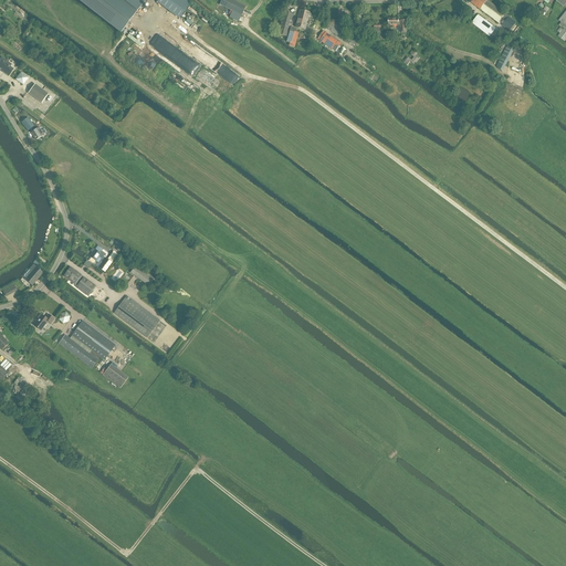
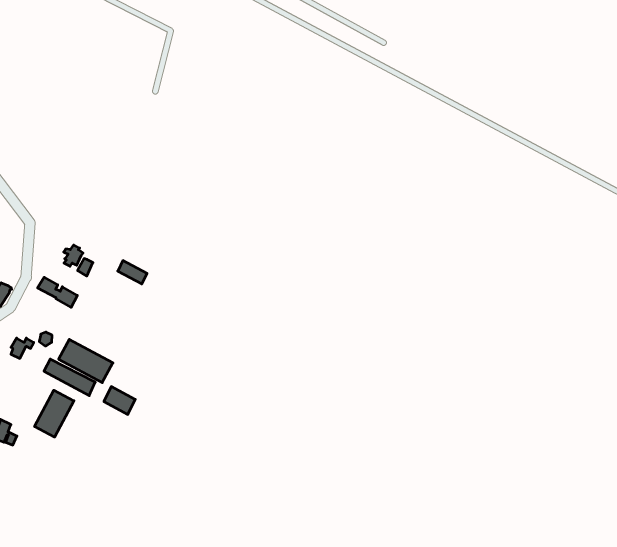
building: [113,295,158,336] -> none
building: none -> [35,390,74,437]

